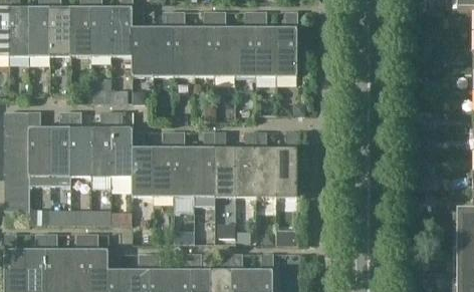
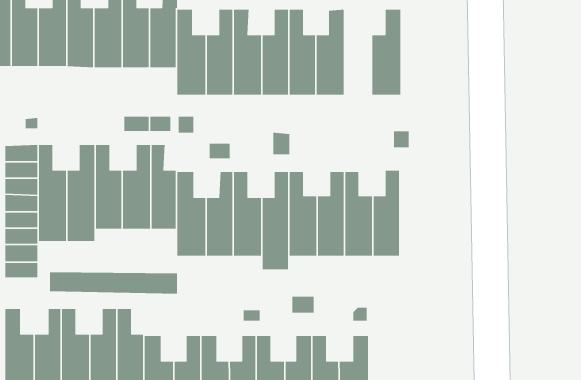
building: [256,11,276,75] -> none

